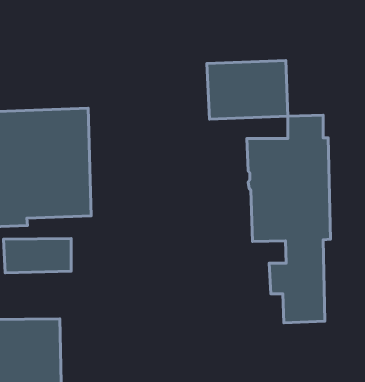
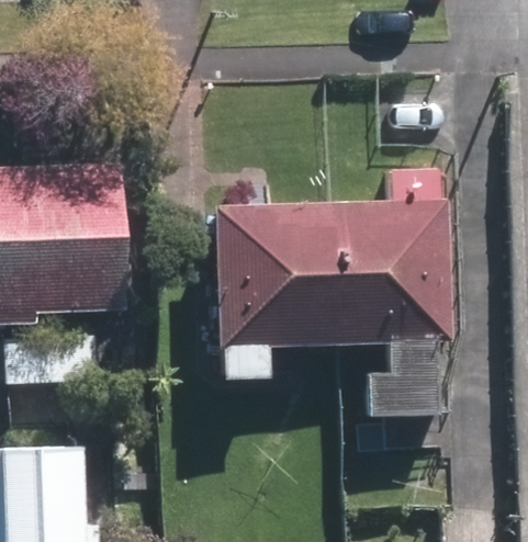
building: [207,61,288,119] -> none
building: none -> [215,203,347,379]

